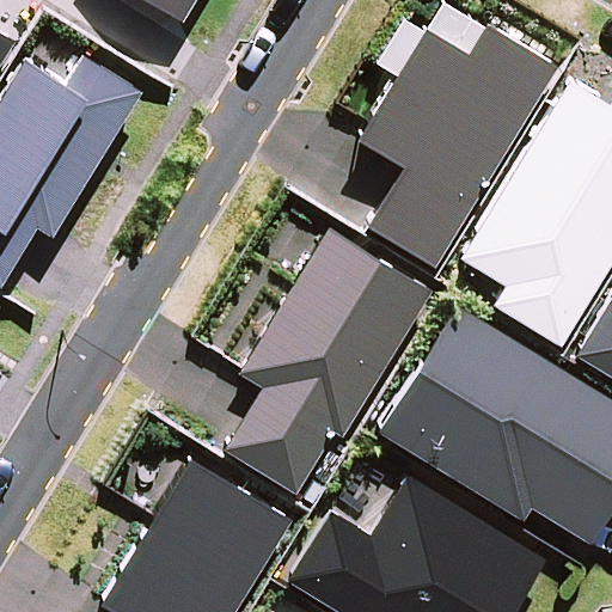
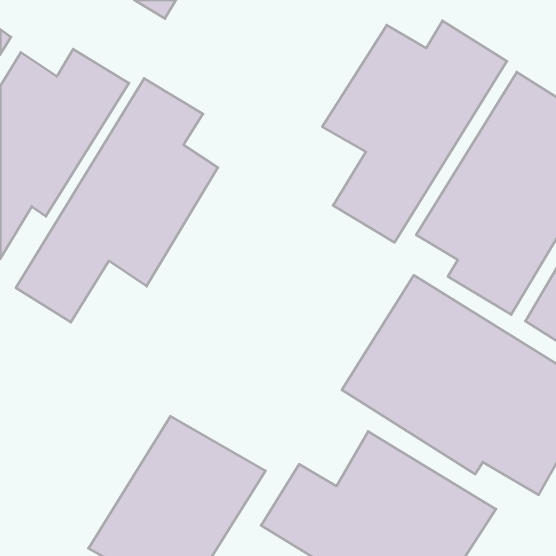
building: none -> [16,78,218,322]
building: [225,228,433,494] -> none

